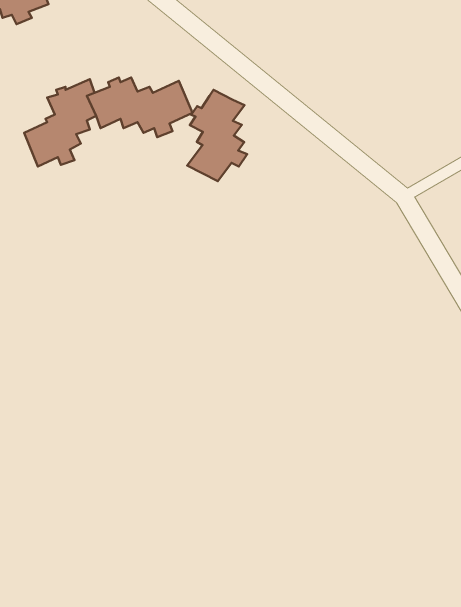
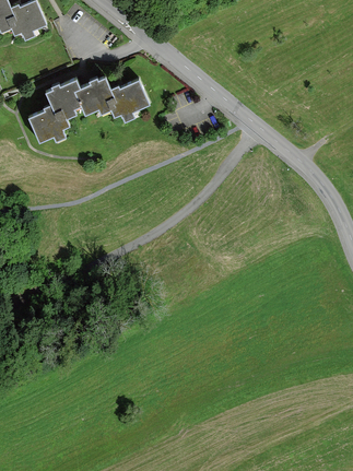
building: [187,90,247,181] -> none

